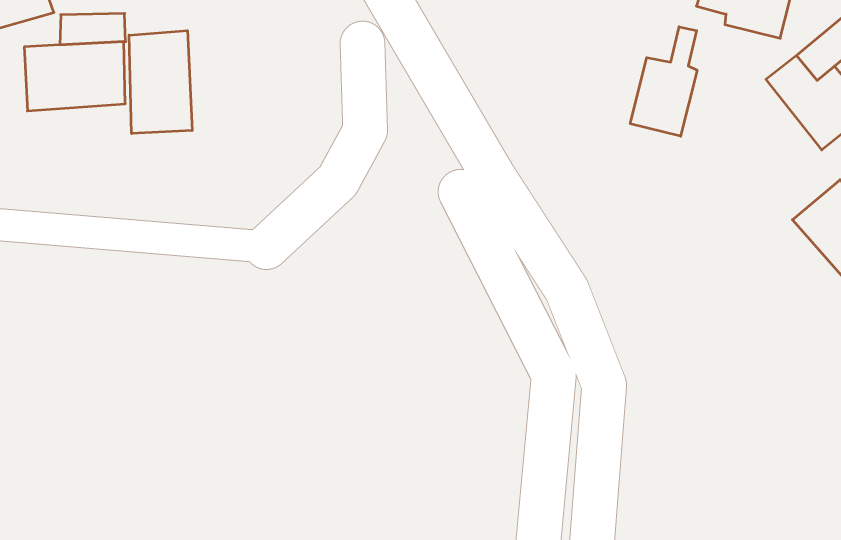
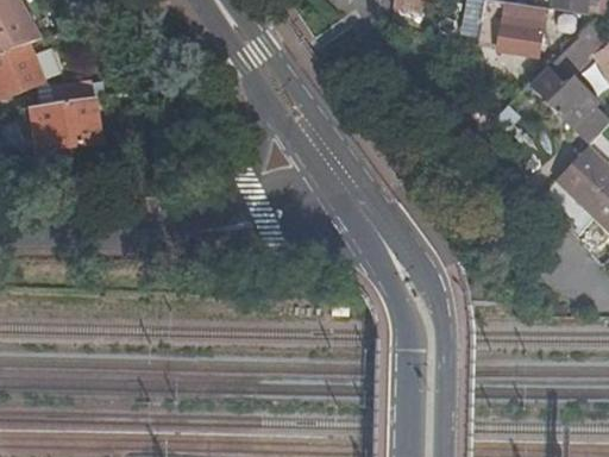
building: [630,27,697,136] -> none
building: [129,31,192,134] -> none

